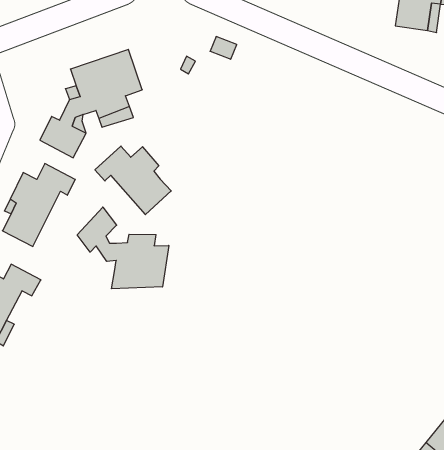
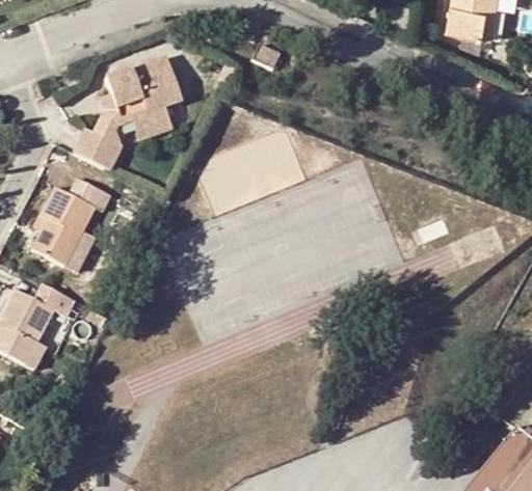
building: [95,146,171,215] -> none
building: [77,207,169,289] -> none

